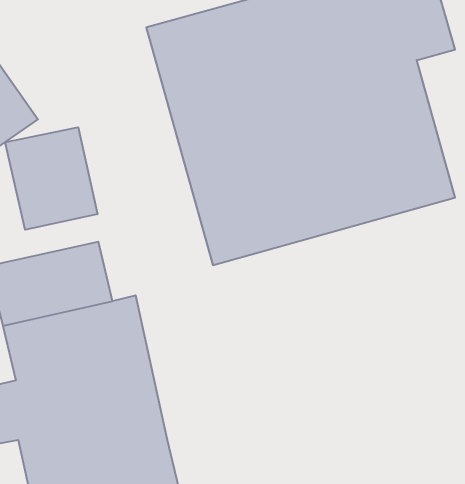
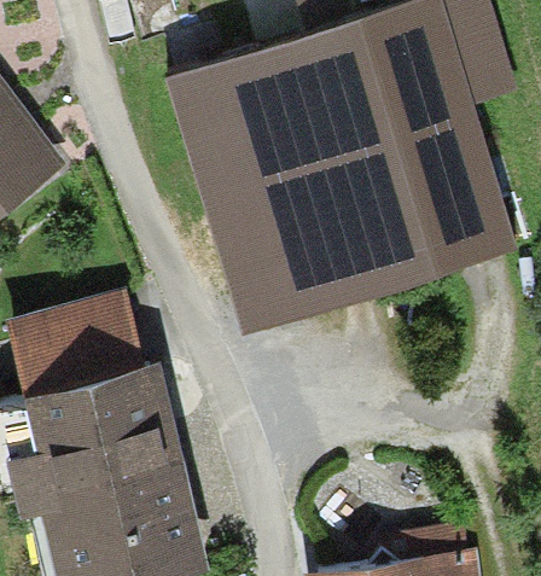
building: [5,127,97,230] -> none

